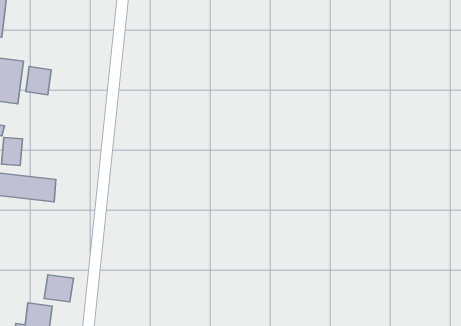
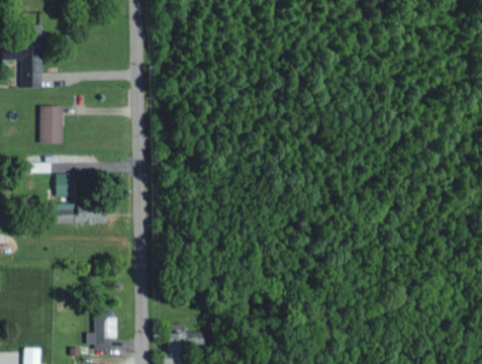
building: [26,67,51,95] -> none
building: [44,275,73,302] -> none

